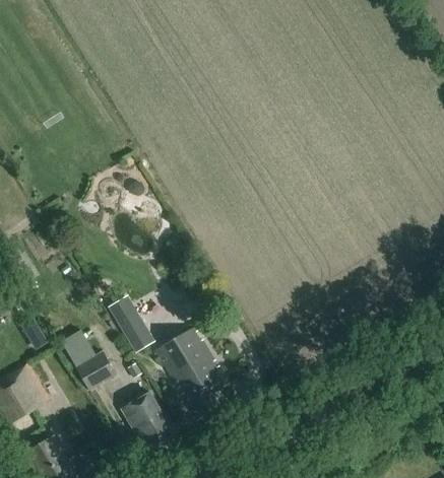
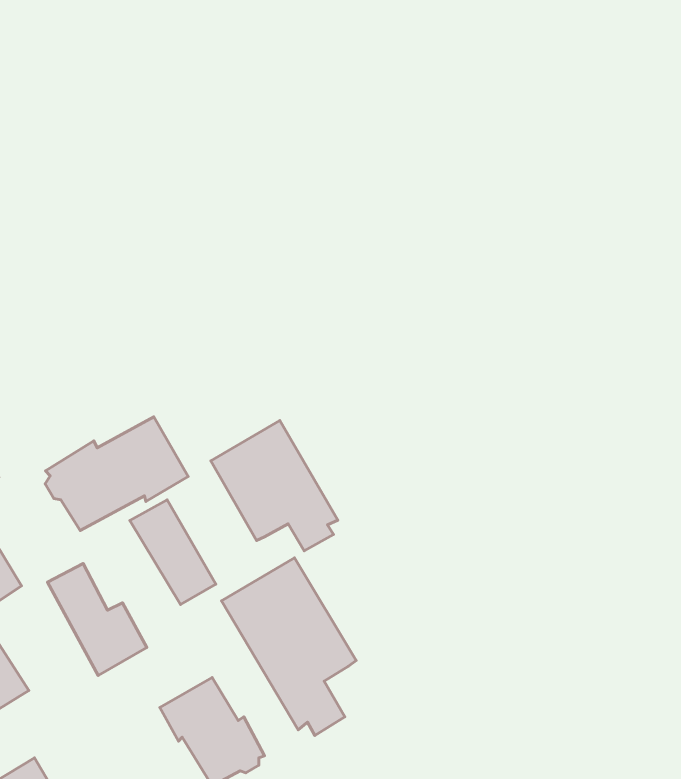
building: none -> [45,417,188,530]
building: none -> [211,420,338,551]

